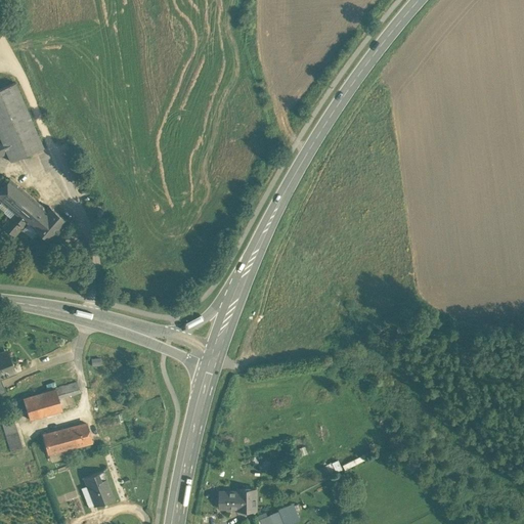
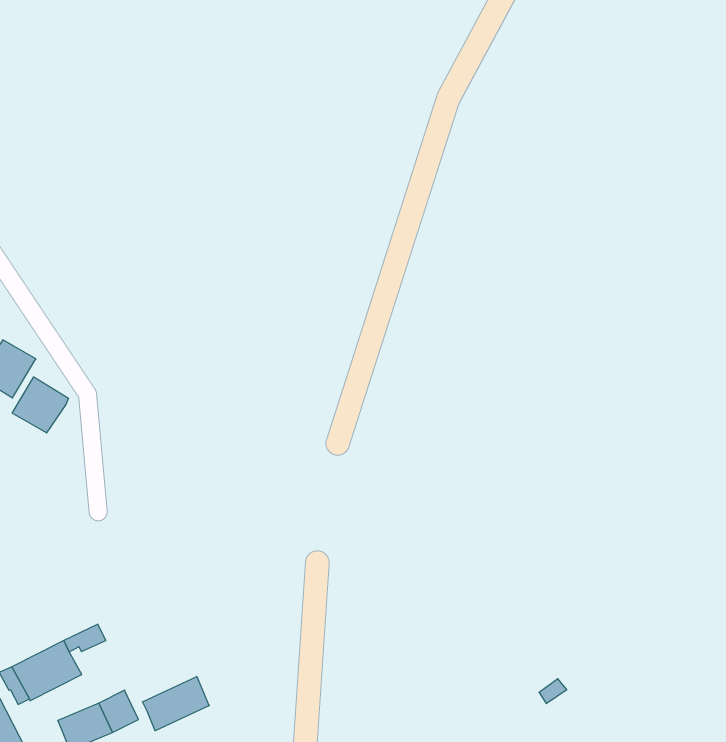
building: none -> [12,377,69,433]
building: none -> [142,676,209,731]

